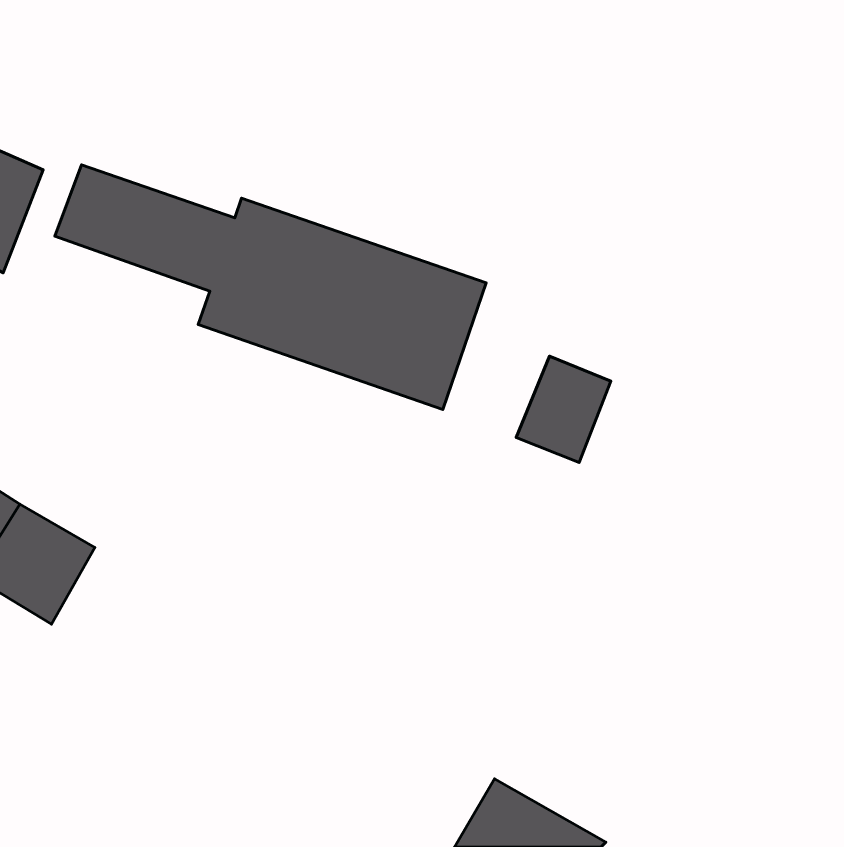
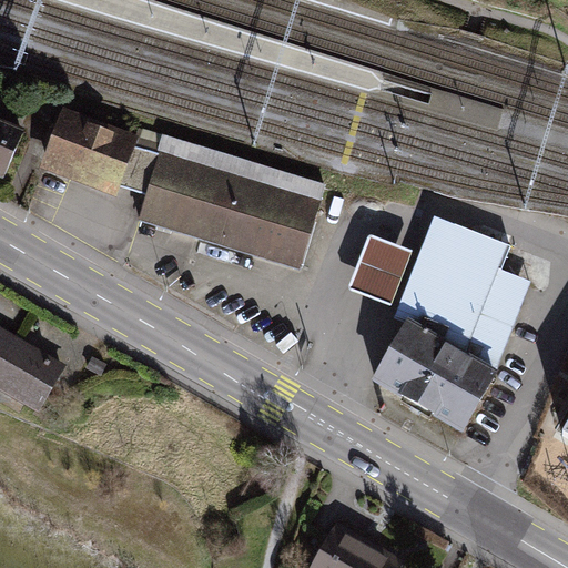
building: none -> [369,219,531,422]

